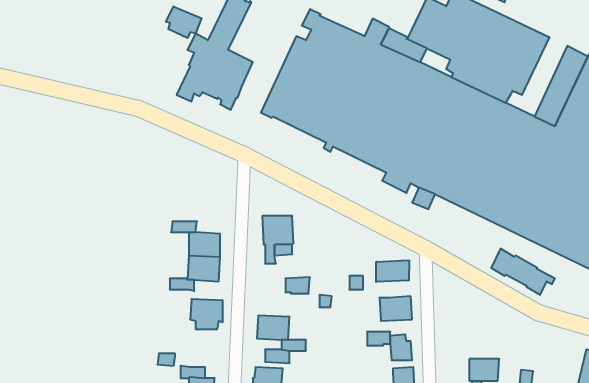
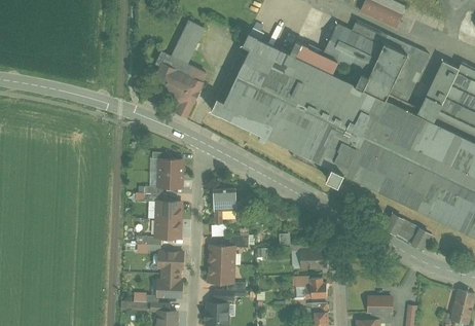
building: [166,6,202,38] -> none
building: none -> [157,158,182,188]
building: [376,260,409,282] -> none
building: none -> [209,246,233,265]
building: none -> [156,275,181,297]

